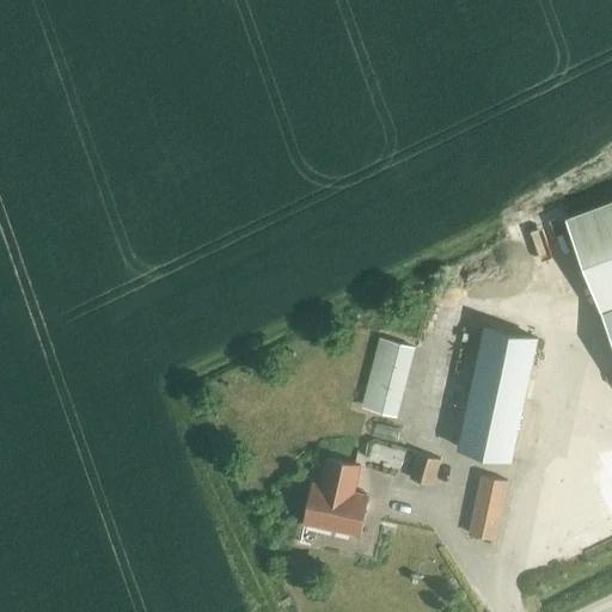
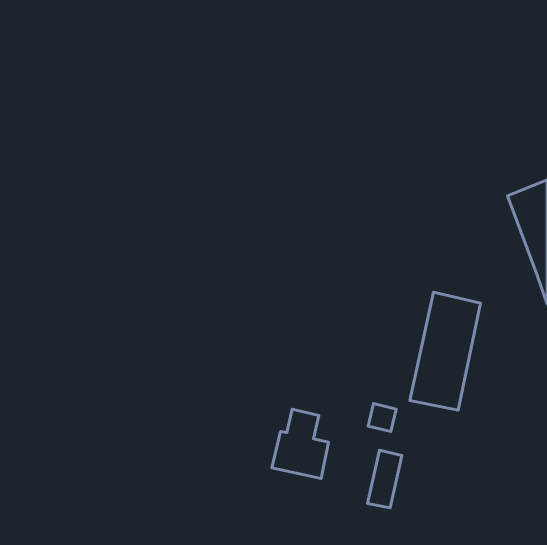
building: [368,342,414,417] -> none
building: [469,476,507,540] -> [368,450,402,508]

